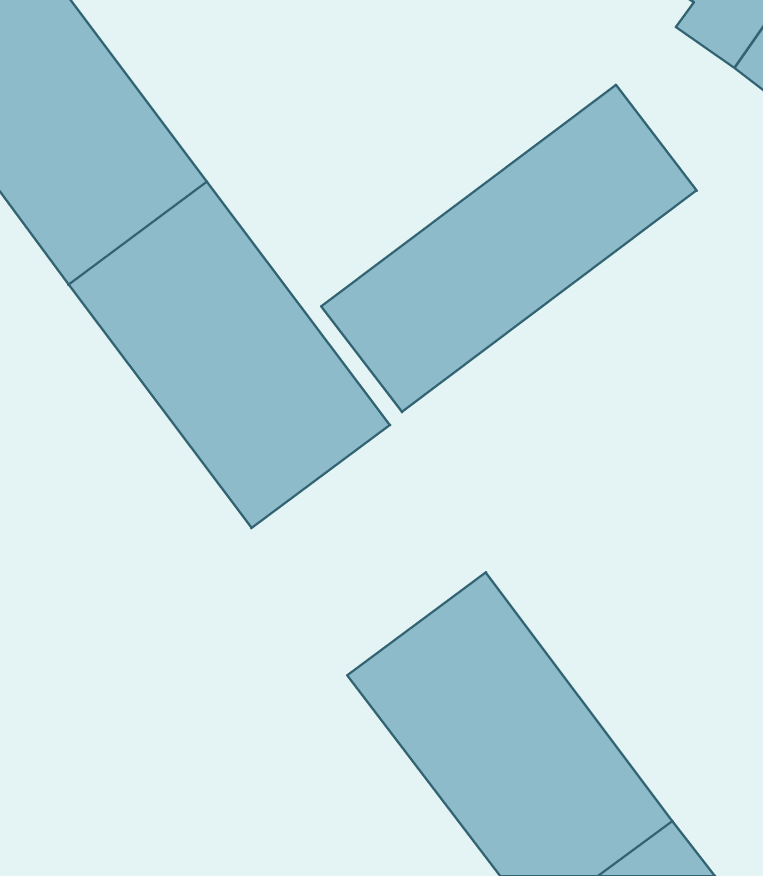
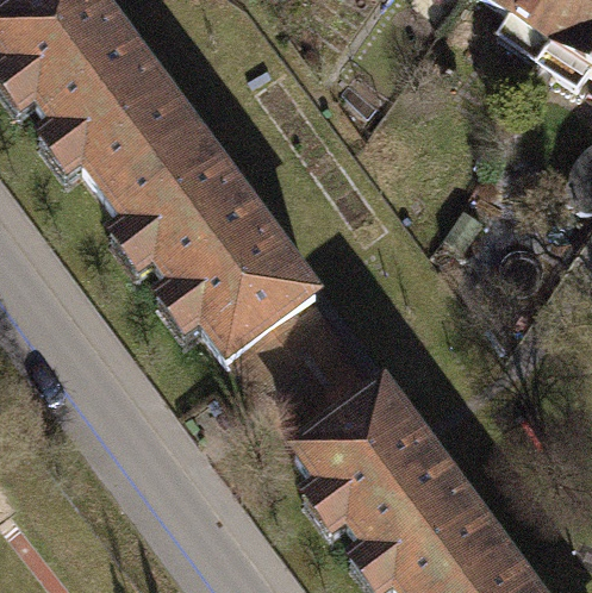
building: [321,85,697,412] -> none

